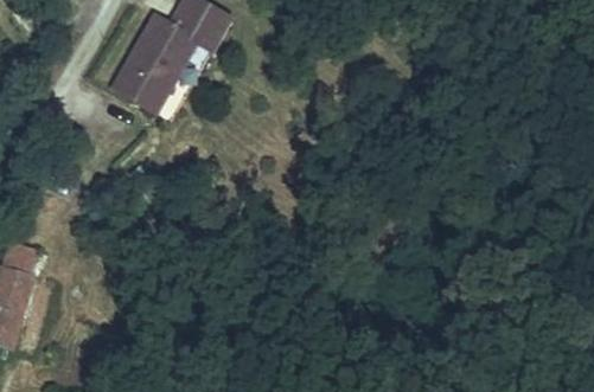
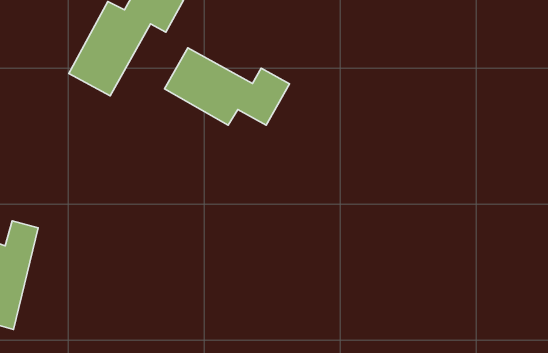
building: none -> [164,48,290,125]

